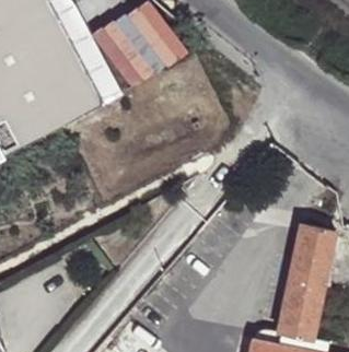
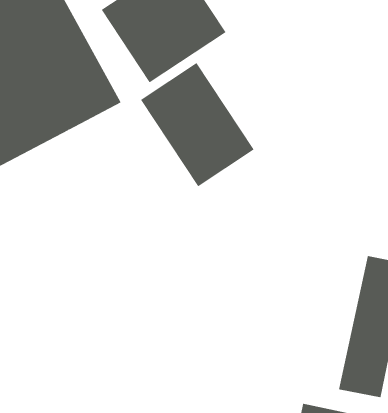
building: none -> [140,62,255,187]

